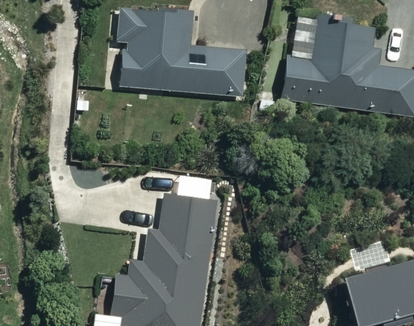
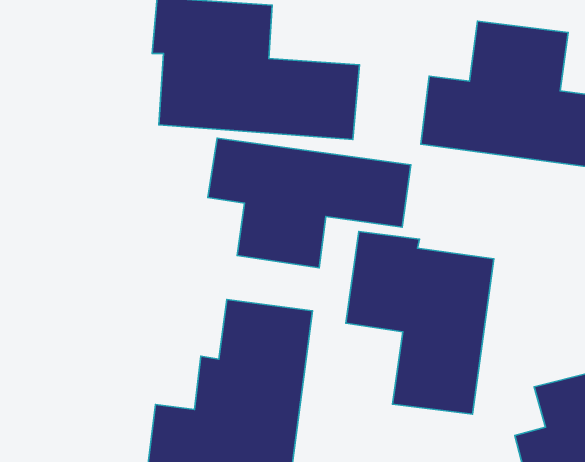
building: none -> [208,138,411,268]
building: none -> [346,231,494,414]

